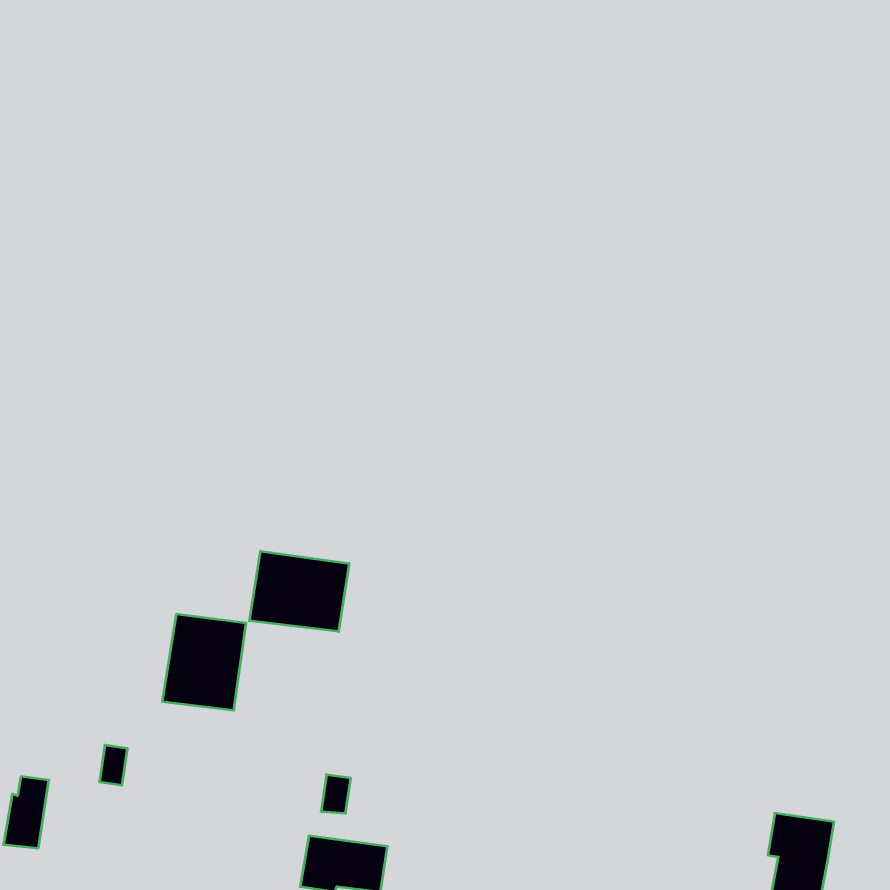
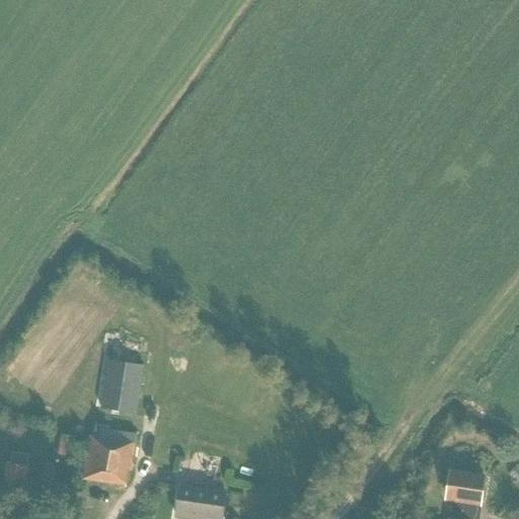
building: [249,551,349,632] -> none
building: none -> [82,429,135,486]

